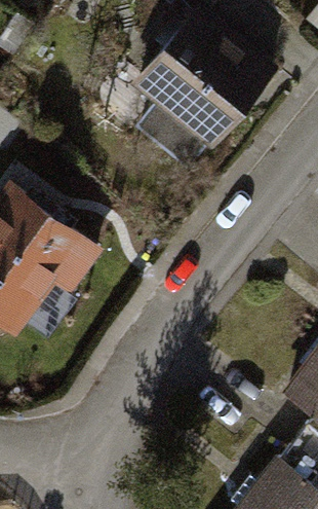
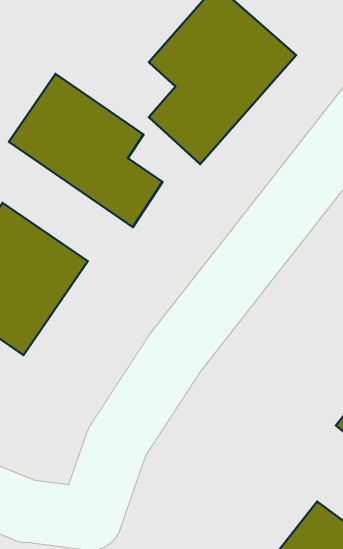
building: none -> [9,74,163,227]

